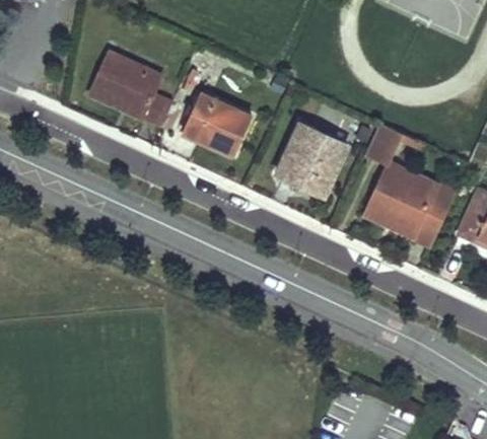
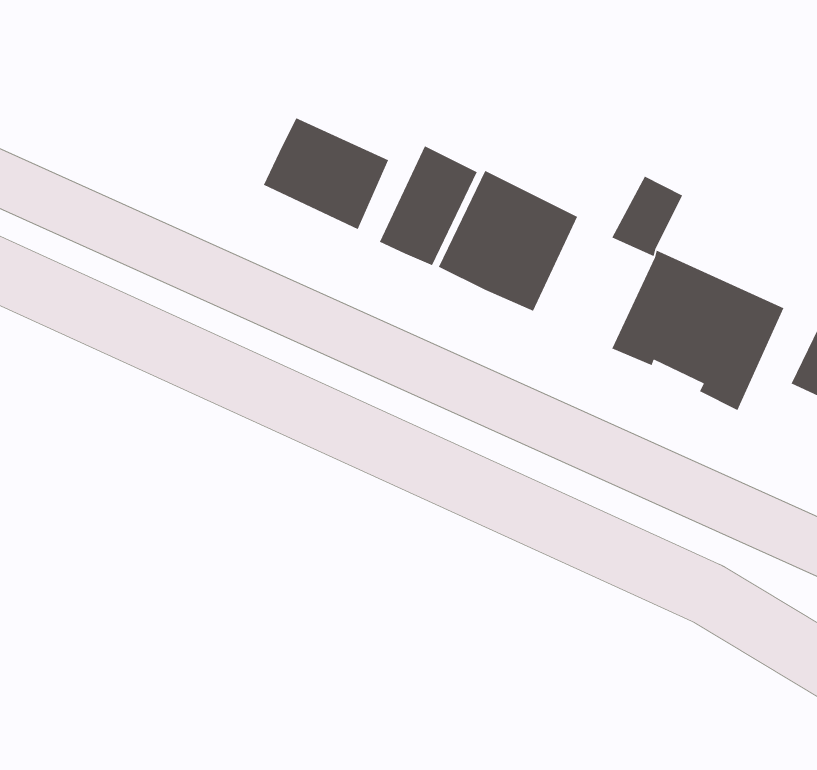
building: [89,50,171,127] -> none
building: none -> [379,145,478,266]

